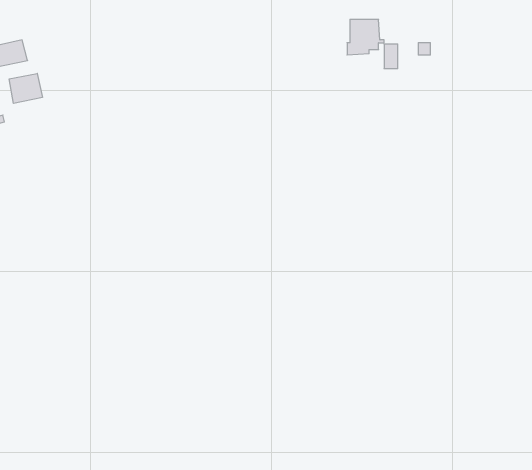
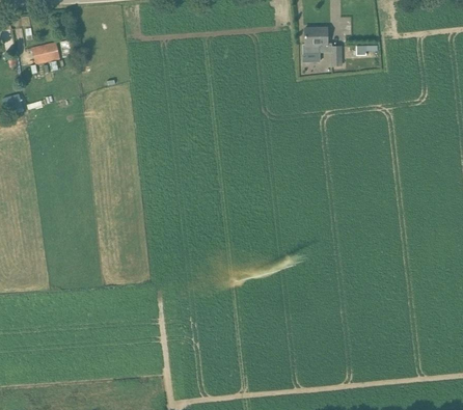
building: [9,73,42,103] -> none

